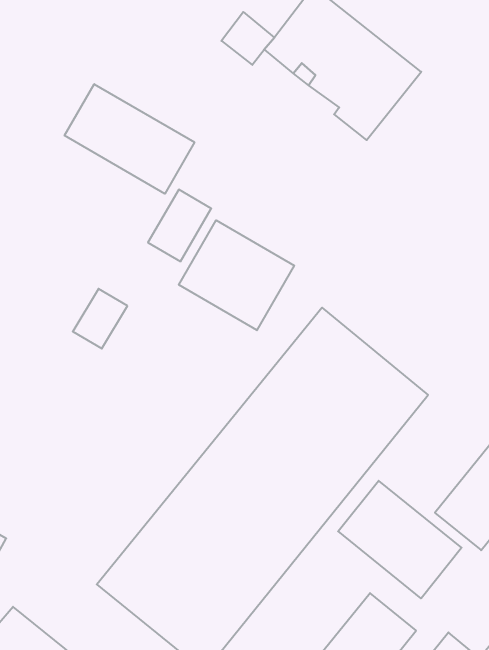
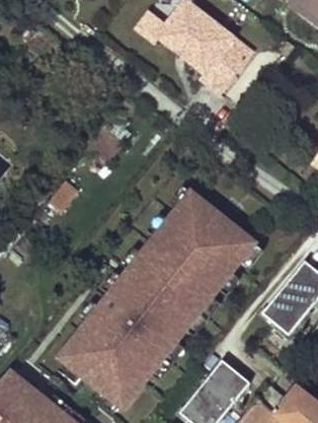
building: [65,84,194,194] -> none
building: [179,220,294,330] -> none
building: [338,481,462,598] -> none

